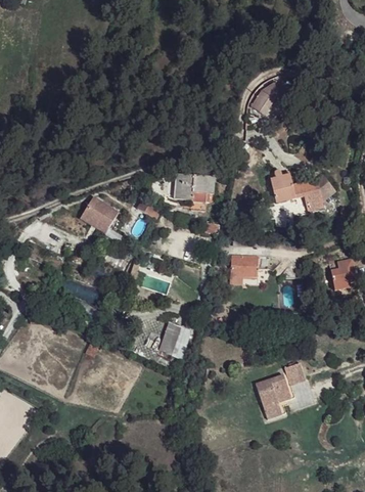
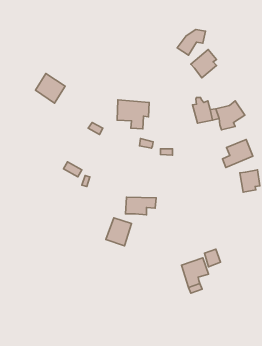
building: none -> [191,49,216,78]
building: [80,196,118,234] -> [35,73,65,103]
building: none -> [223,140,253,168]
building: [230,255,269,277] -> [126,197,156,215]

